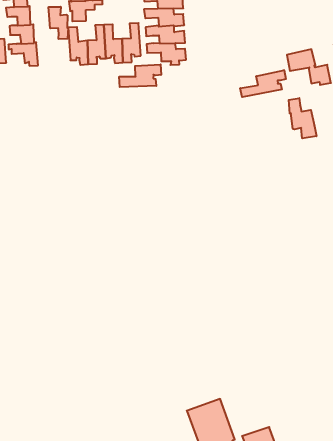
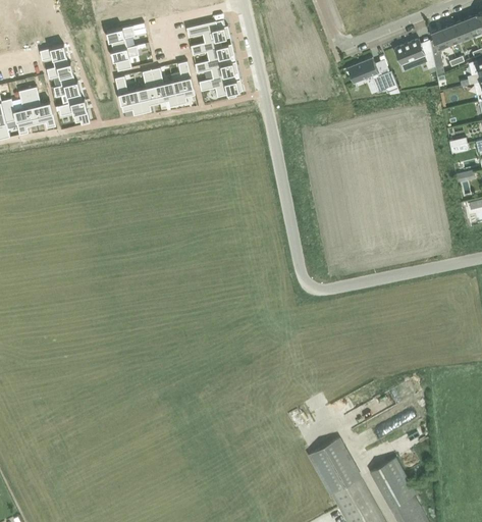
building: [49,7,68,39] -> none
building: [119,64,161,87] -> none
building: [240,70,286,97] -> none
building: [289,98,316,138] -> none

